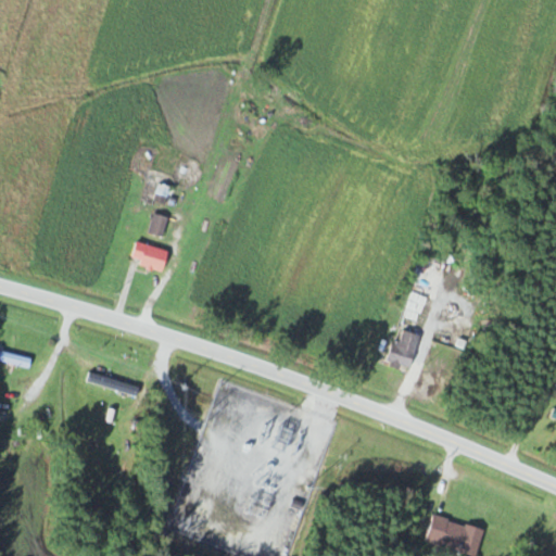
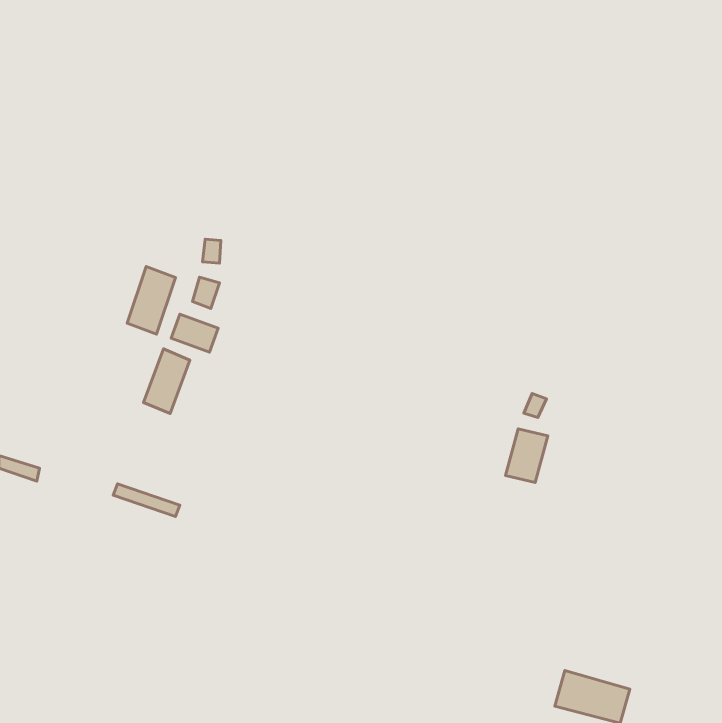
building: none -> [127,266,176,334]
building: none -> [144,349,190,414]

